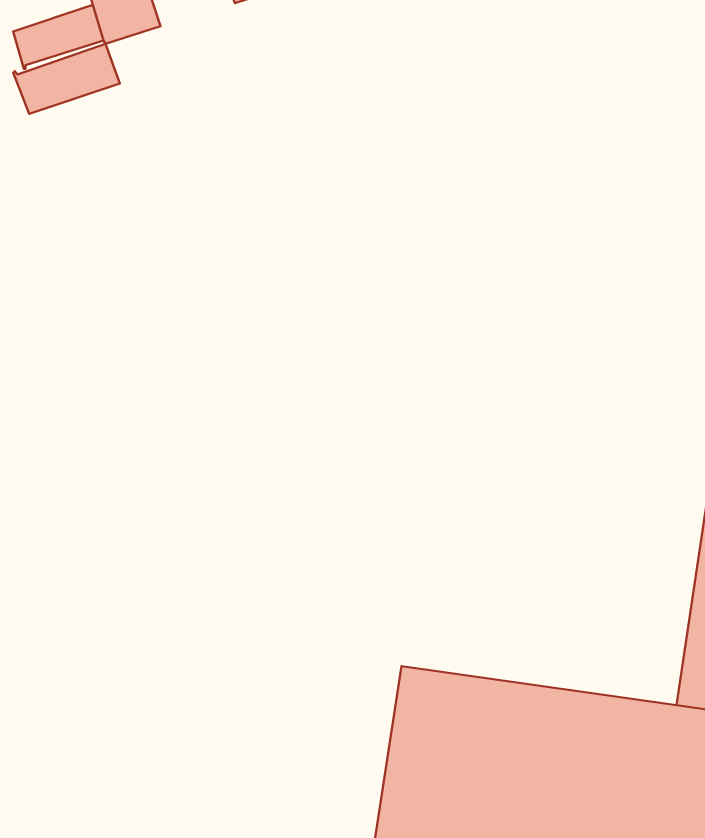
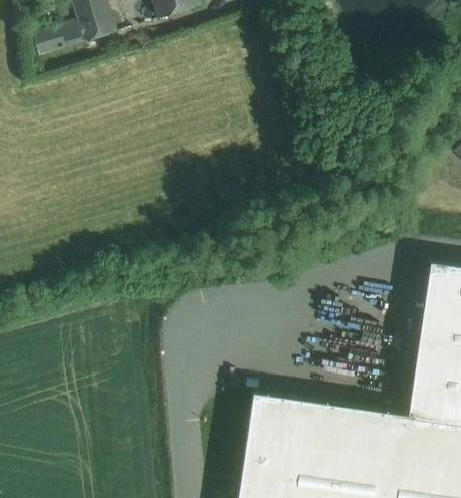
building: [13,44,120,114] -> none

